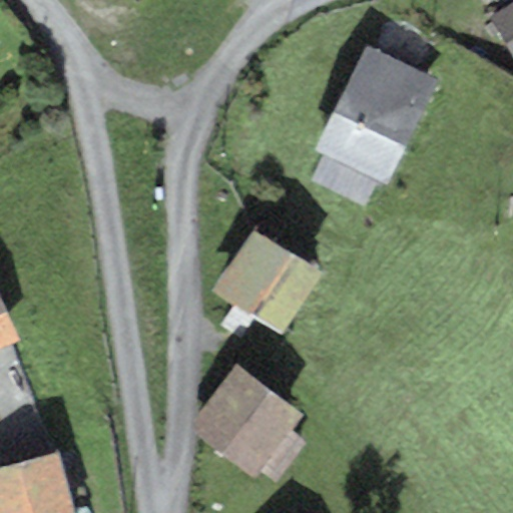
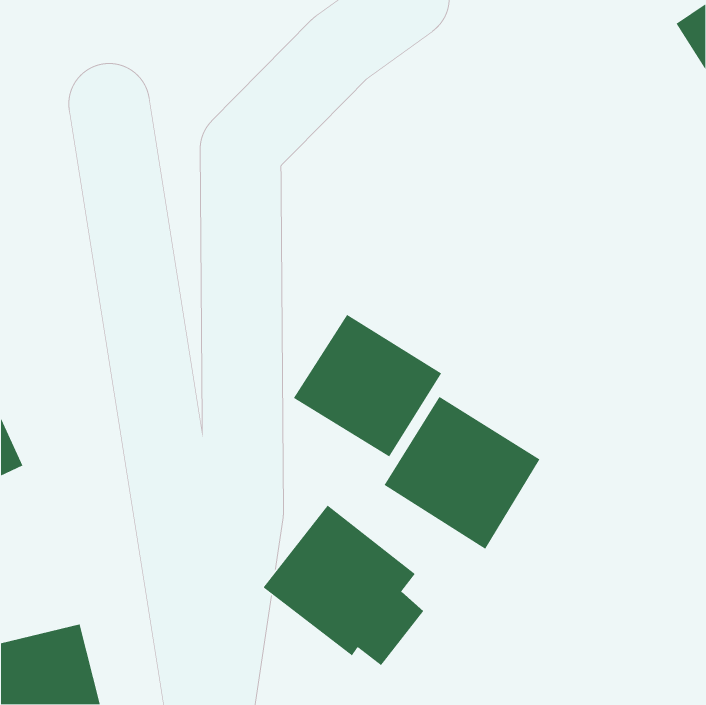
building: [312,46,436,205] -> none
building: none -> [383,396,541,550]

